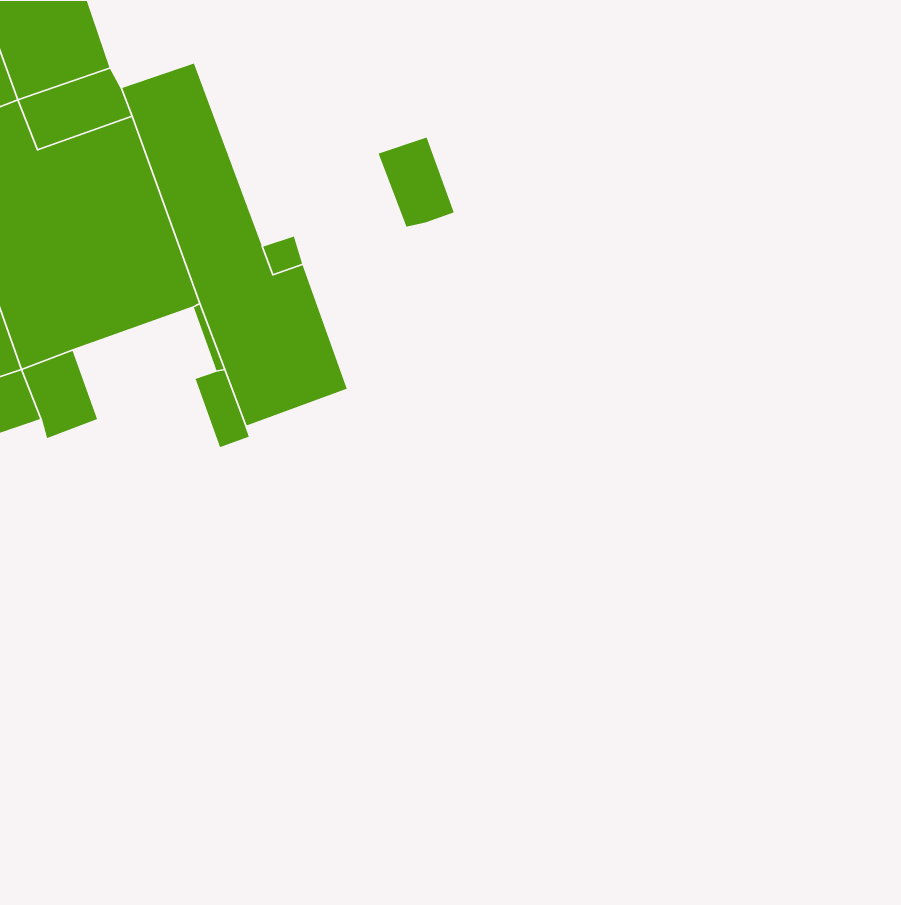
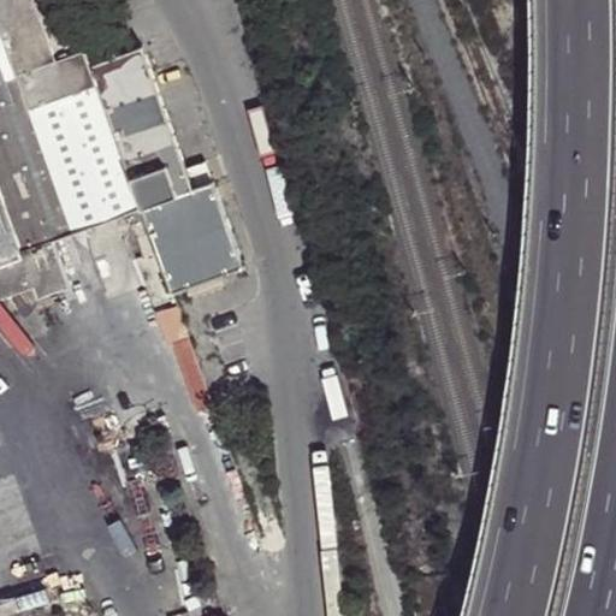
building: [378,137,455,227] -> none

